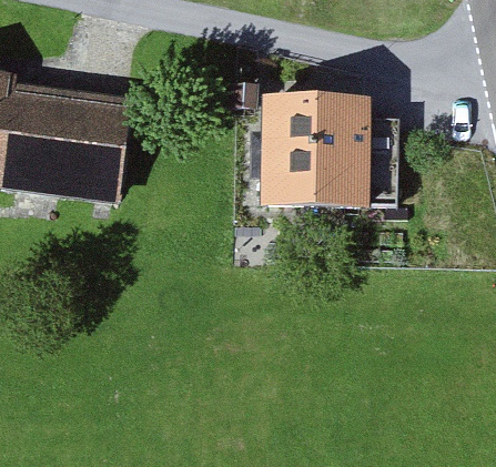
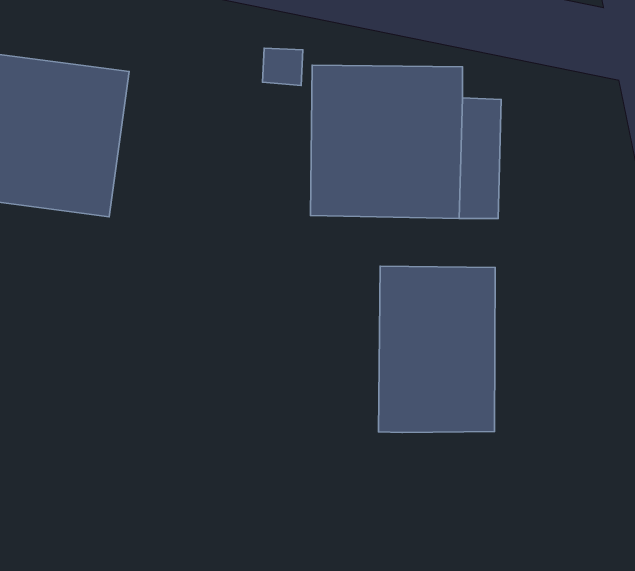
building: none -> [379,266,495,432]

